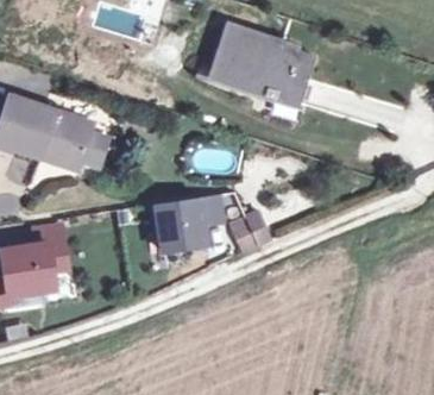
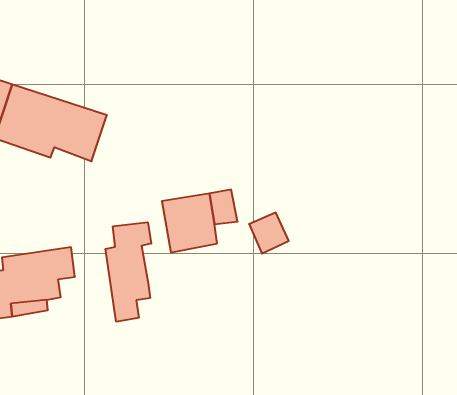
building: [207,24,317,106] -> none
building: none -> [105,222,151,322]

